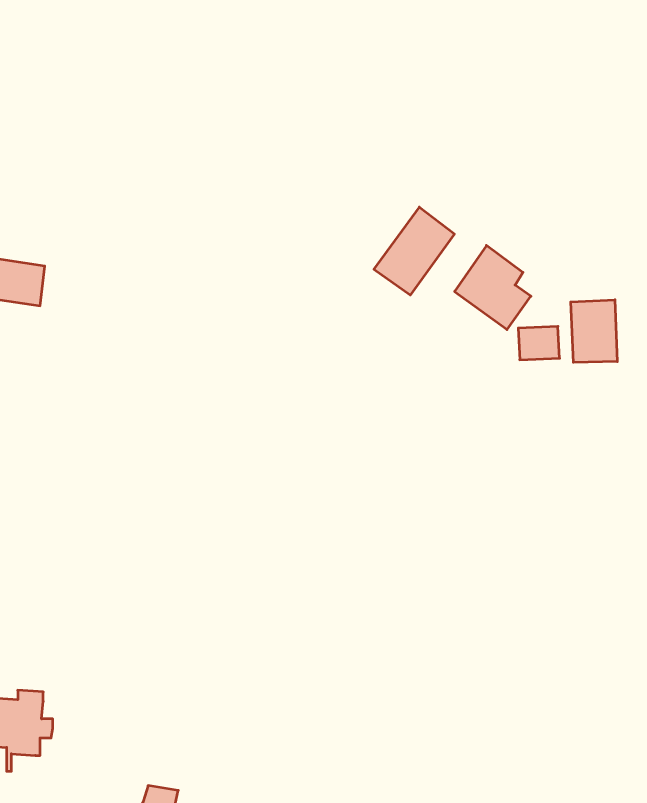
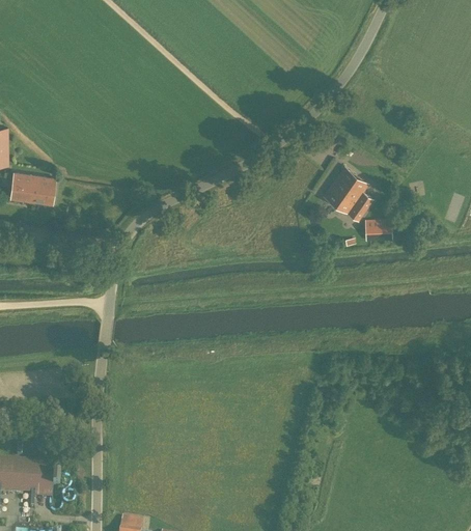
building: [374,207,454,295] -> none
building: [571,300,617,362] -> none

